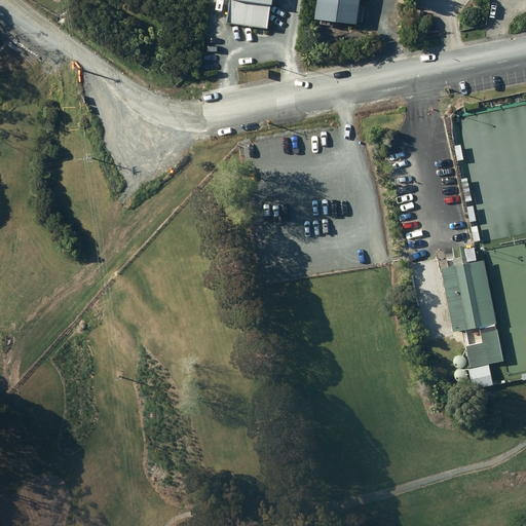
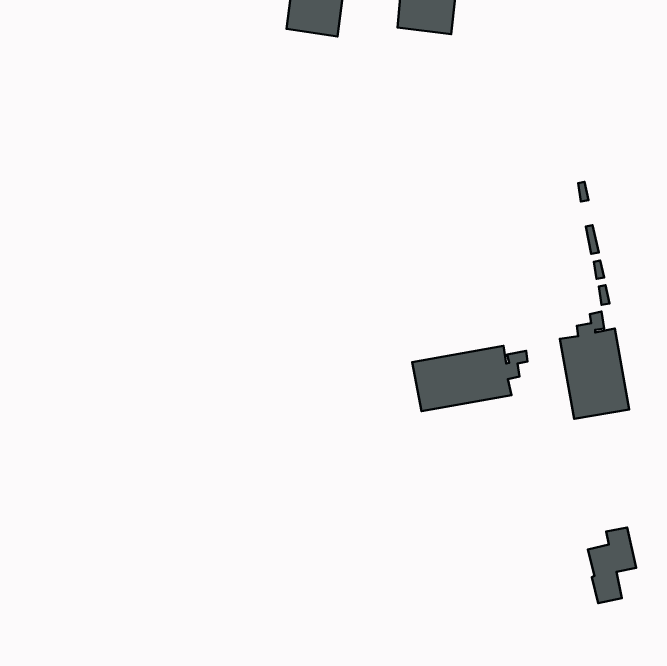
building: none -> [412,346,528,411]
building: [465,327,503,386] -> [588,527,636,603]

